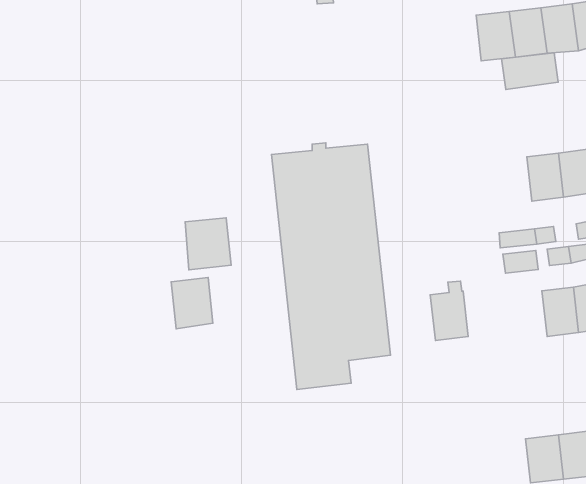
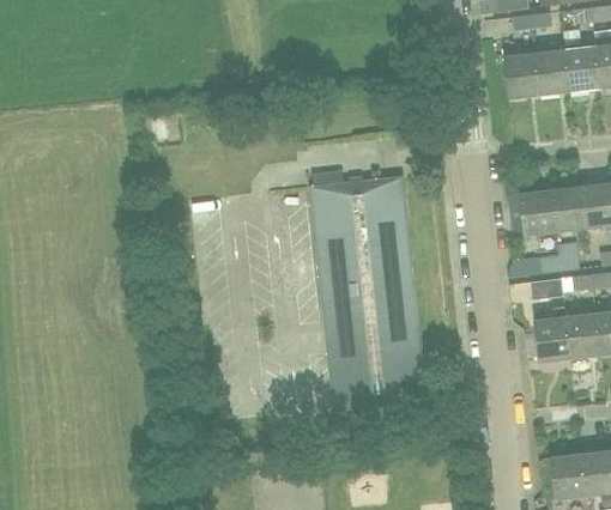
building: [501,53,558,89] -> none
building: none -> [521,189,557,235]
building: [185,218,231,270] -> none
building: [171,277,213,329] -> none
building: [430,281,468,340] -> [536,306,571,363]

